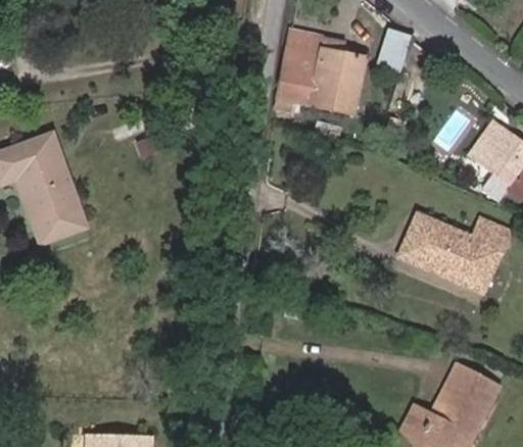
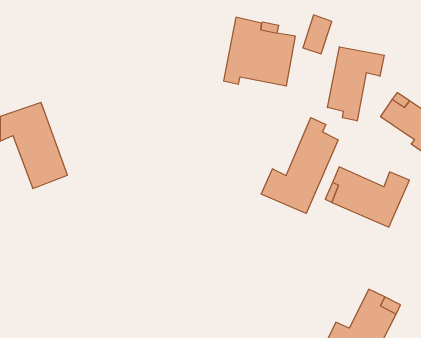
building: none -> [328,47,384,121]
building: none -> [261,118,338,213]

